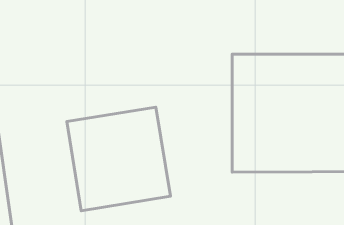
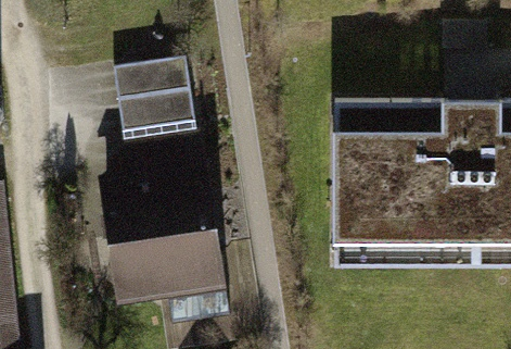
building: none -> [107,66,192,144]

